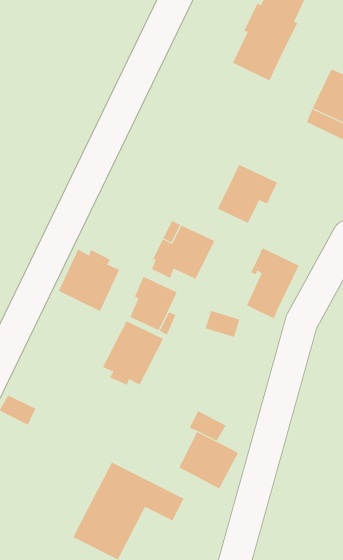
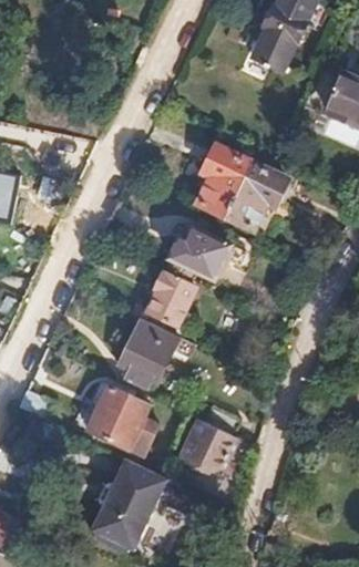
building: [246,247,300,319] -> [198,147,250,217]
building: [58,249,120,312] -> none
building: none -> [81,378,153,447]

